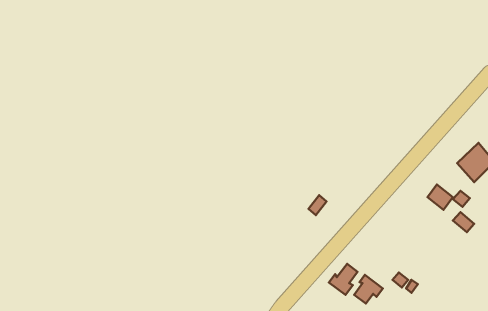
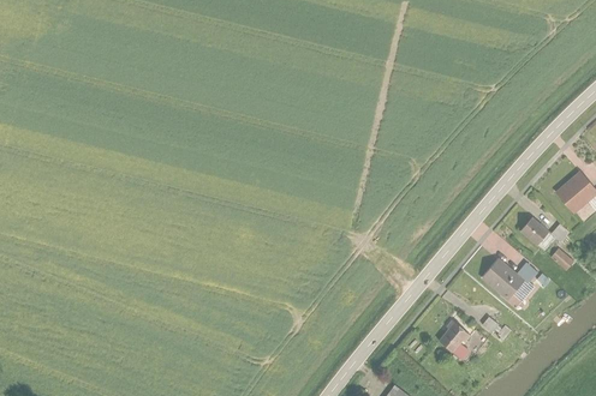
building: none -> [479,257,523,299]
building: [329,264,358,295] -> none

